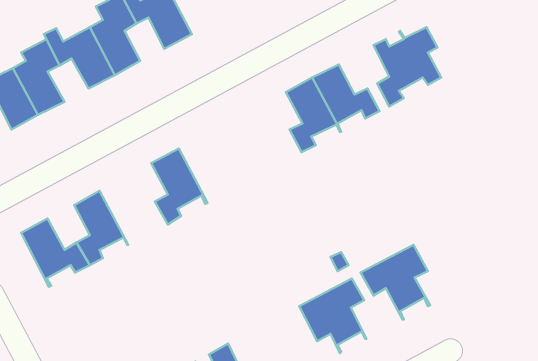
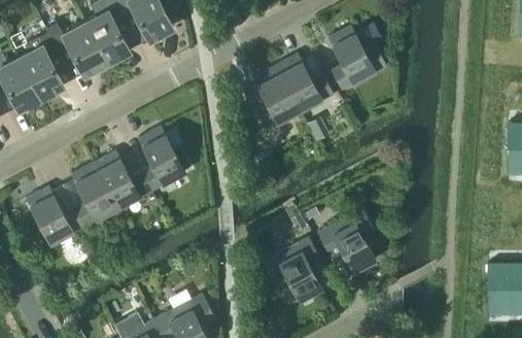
building: none -> [94,154,152,211]

